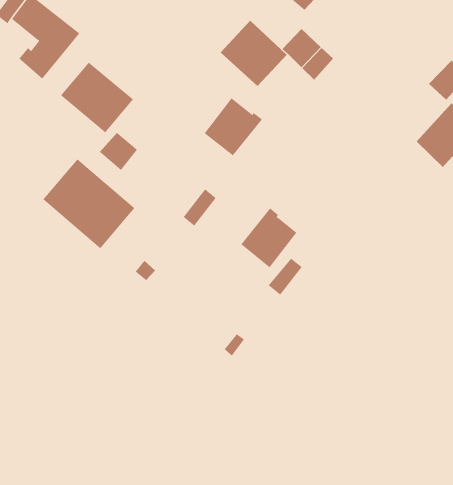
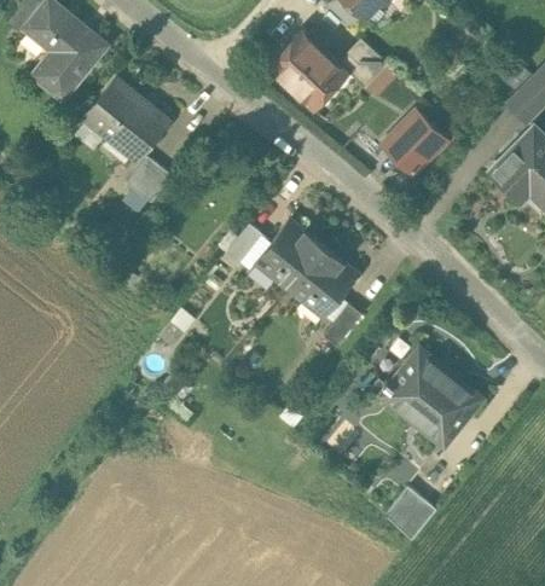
building: none -> [378,114,446,184]
building: [204,97,263,156] -> [256,221,324,289]
building: [43,158,135,249] -> none
building: none -> [383,350,480,445]
building: none -> [384,487,435,541]

